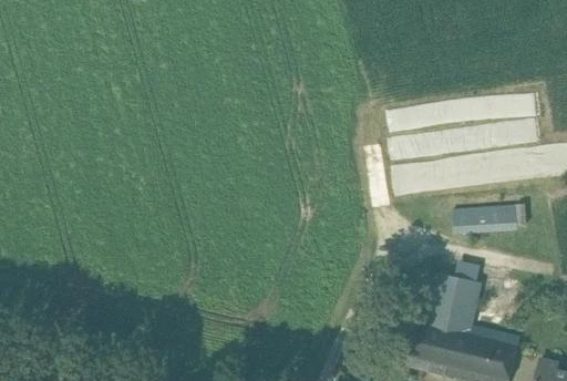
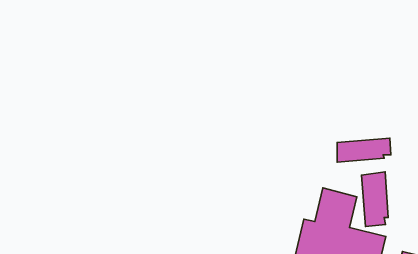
building: none -> [361,172,388,227]

